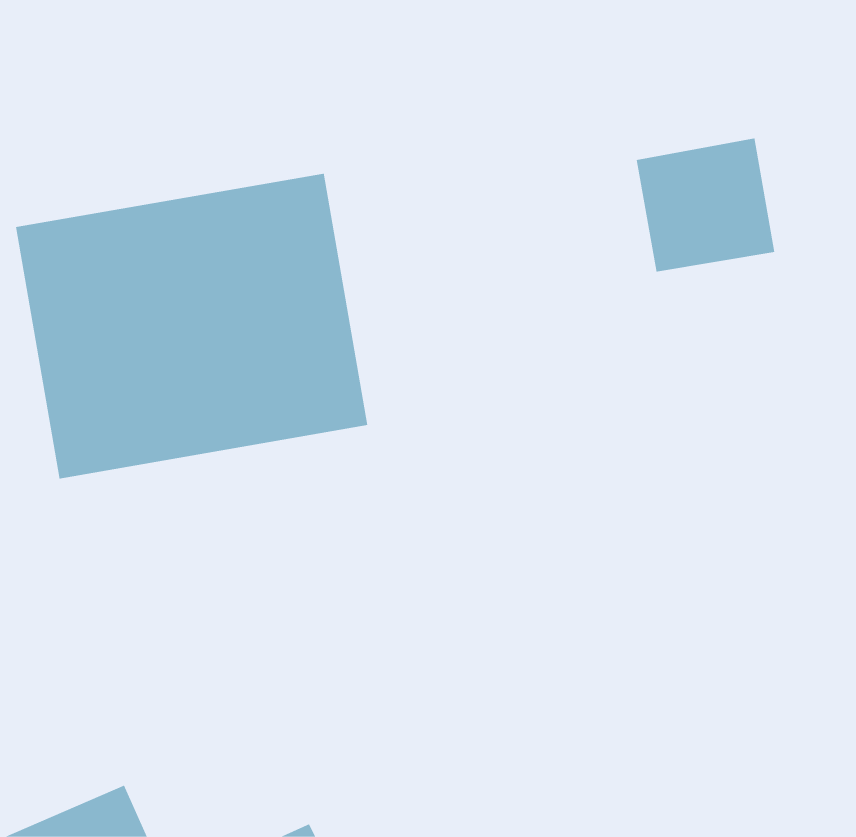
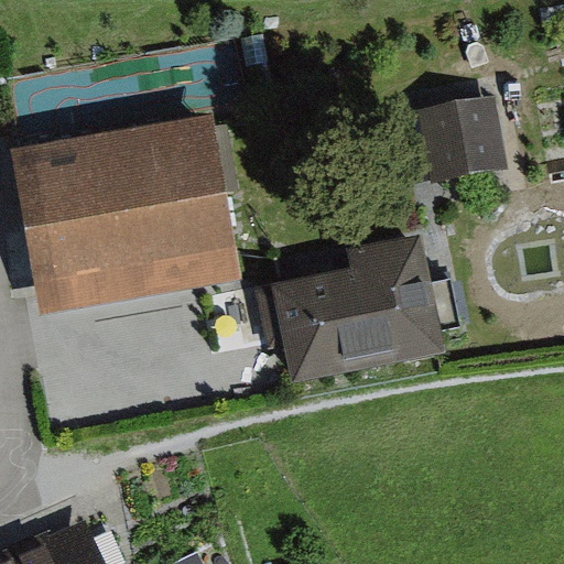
building: none -> [271,235,446,384]

